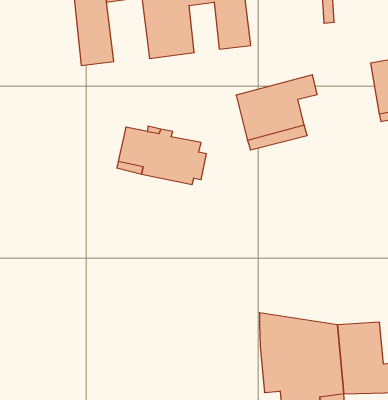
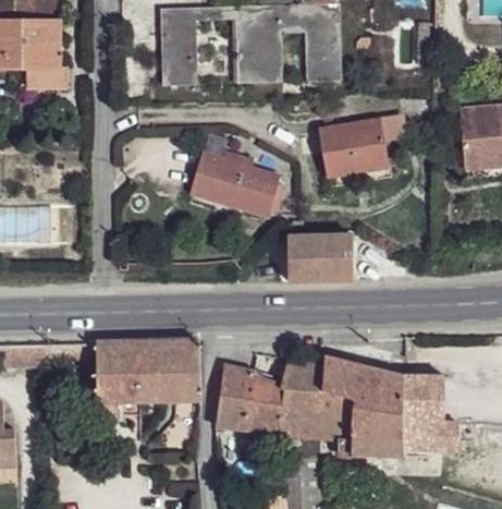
building: none -> [286,233,352,281]
building: none -> [95,339,199,420]
building: none -> [215,357,322,437]

